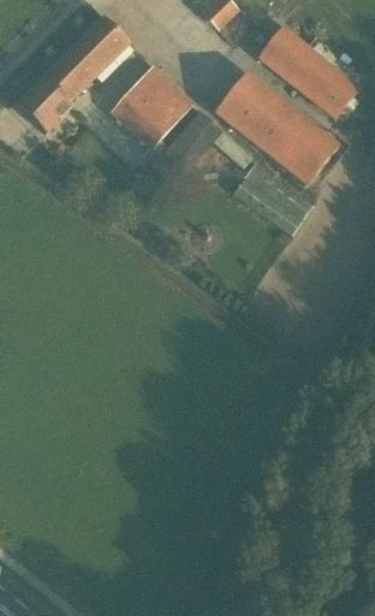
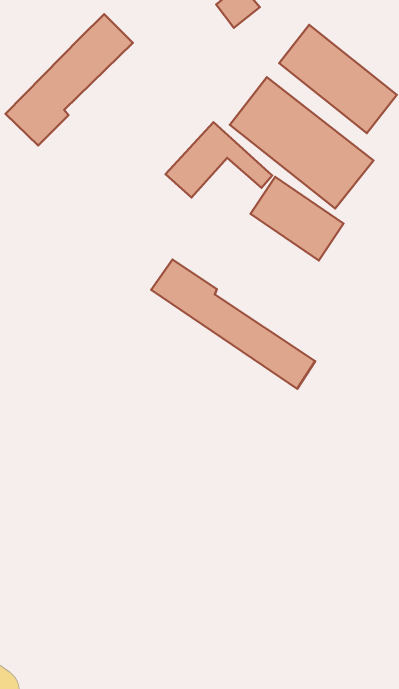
building: [113,65,194,146] -> none
building: none -> [151,259,315,389]

